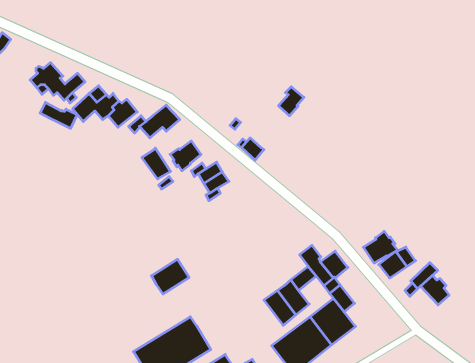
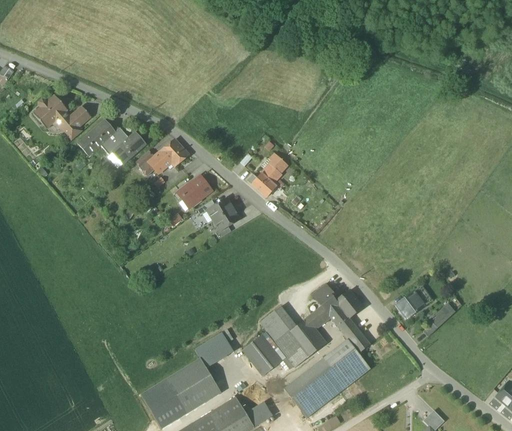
building: [279,87,304,116] -> [262,153,288,183]
building: [40,102,77,128] -> none
building: [142,148,171,179] -> none
building: [363,231,397,263] -> none
building: [151,259,189,294] -> [195,332,234,368]
building: none -> [260,306,297,341]
building: [420,275,449,305] -> none
building: none -> [243,334,282,375]

